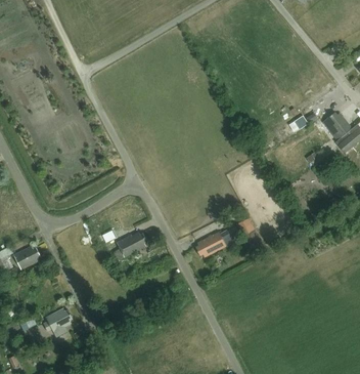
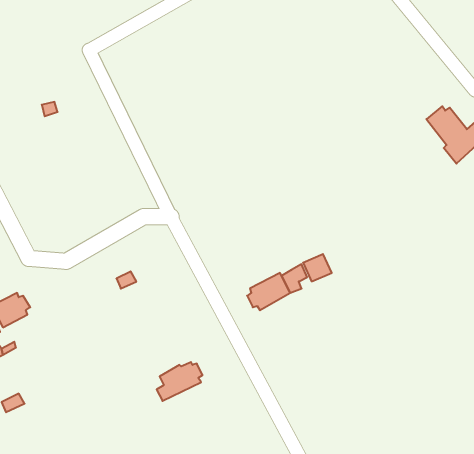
building: [114,232,146,259] -> [157,362,203,401]
building: [45,307,72,332] -> none

